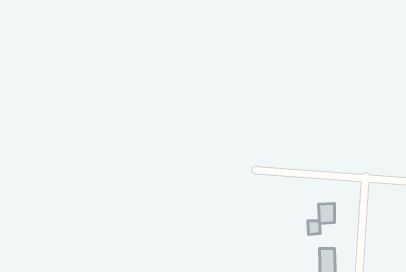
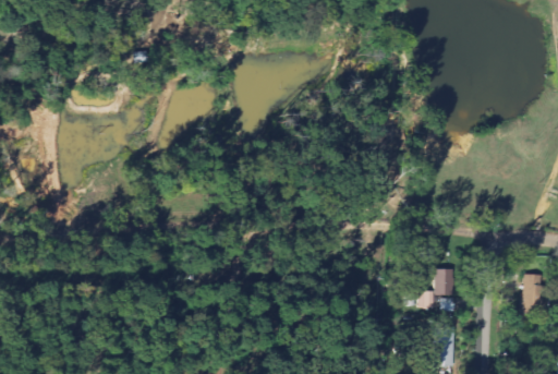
building: none -> [524,275,541,309]

